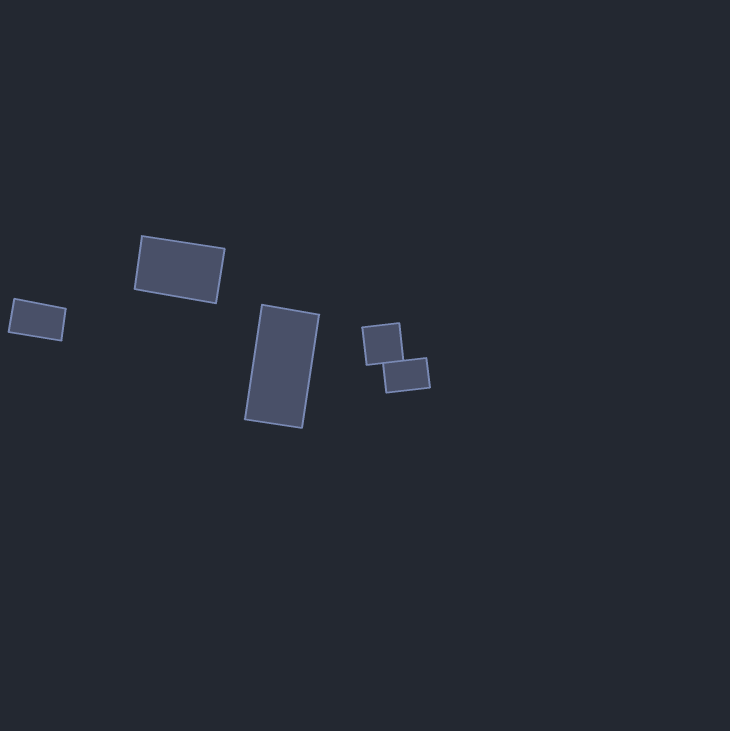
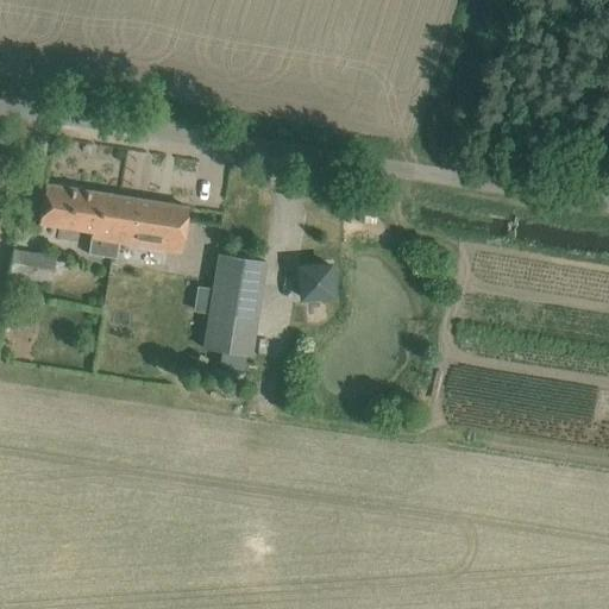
building: none -> [39,184,120,259]
building: [383,358,430,393] -> none

